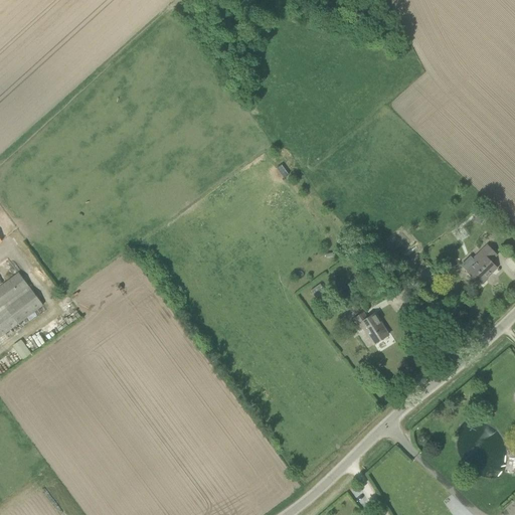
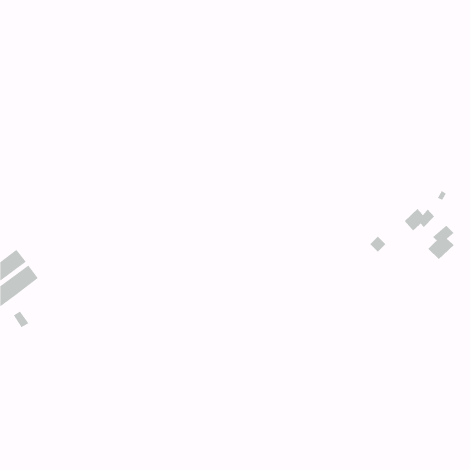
building: none -> [404,208,435,231]
building: [352,312,387,344] -> none

